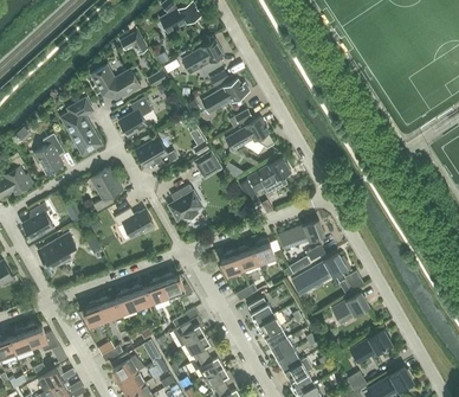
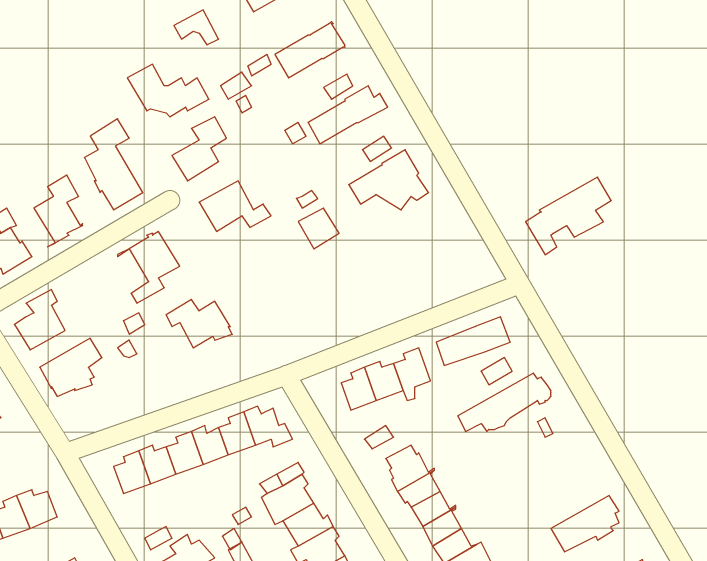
building: [238,156,290,204] -> [526,177,611,255]
building: [168,185,200,219] -> none
building: [330,292,368,322] -> none

